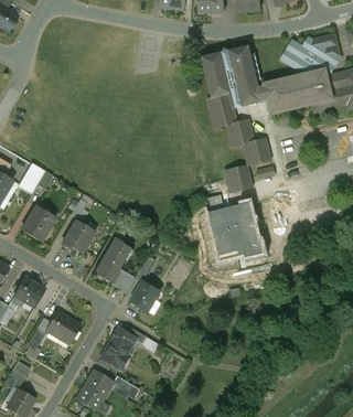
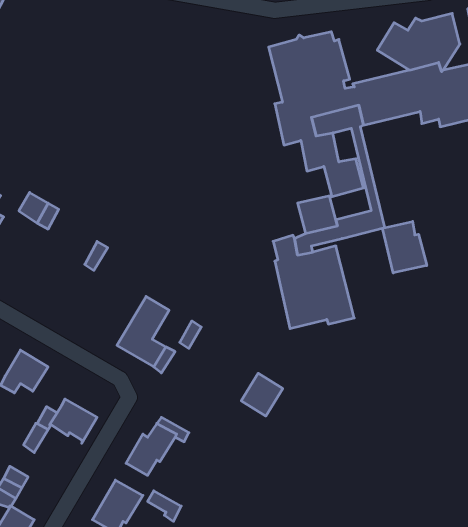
building: none -> [383,221,427,273]
building: [20,206,53,242] -> none
building: [60,221,93,254] -> none
building: [129,281,159,312] -> [241,373,283,416]

